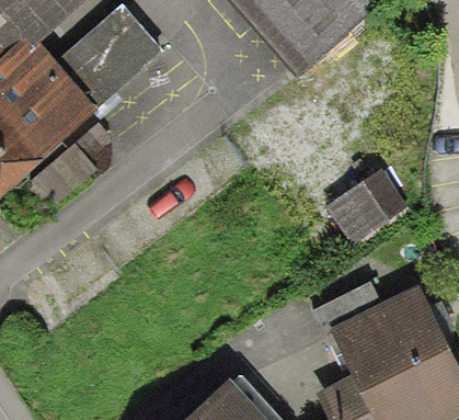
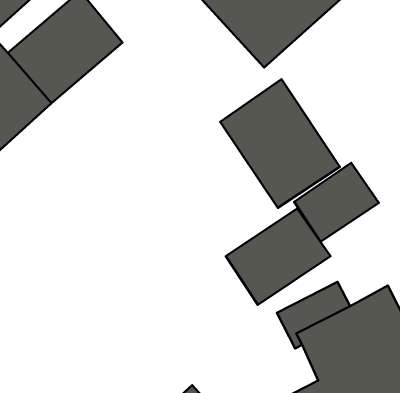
building: none -> [220,79,340,208]
building: none -> [226,208,330,305]

